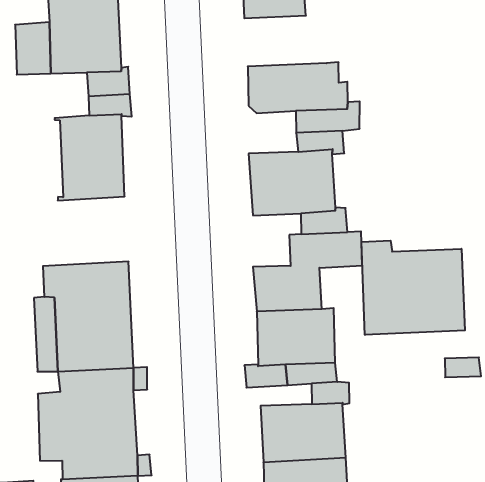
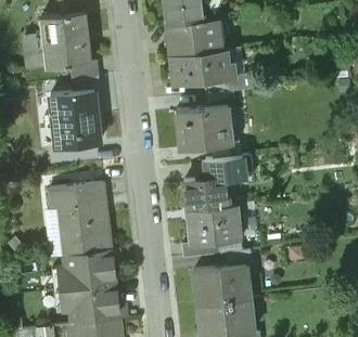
building: none -> [167,18,221,54]
building: [361,241,465,335] -> none

